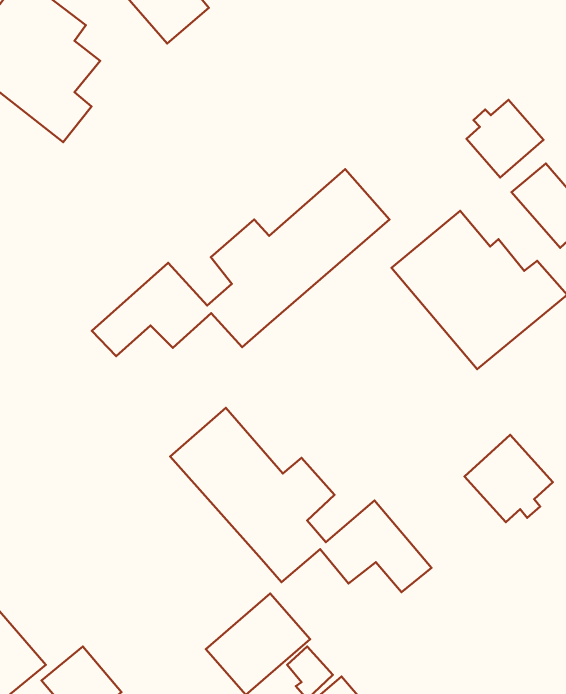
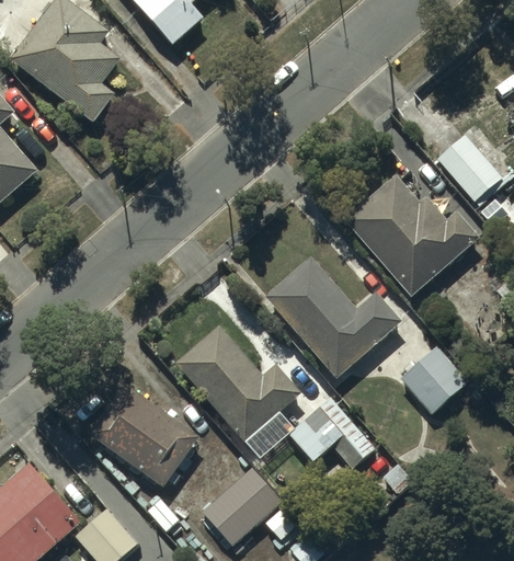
building: [466,100,543,178] -> none
building: [92,169,390,356] -> none
building: none -> [265,257,403,378]
building: none -> [90,386,198,486]

